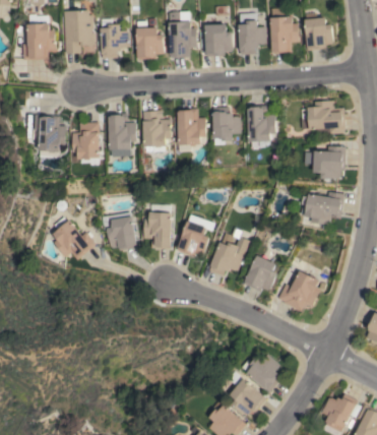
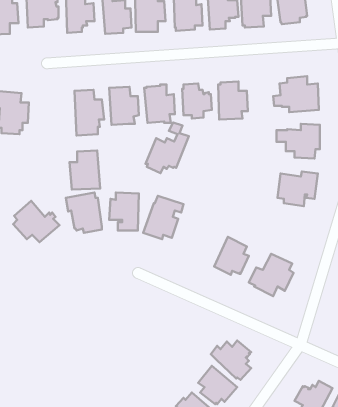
building: [72,122,102,160] -> [70,150,100,190]
building: [208,228,250,276] -> [146,122,189,173]

